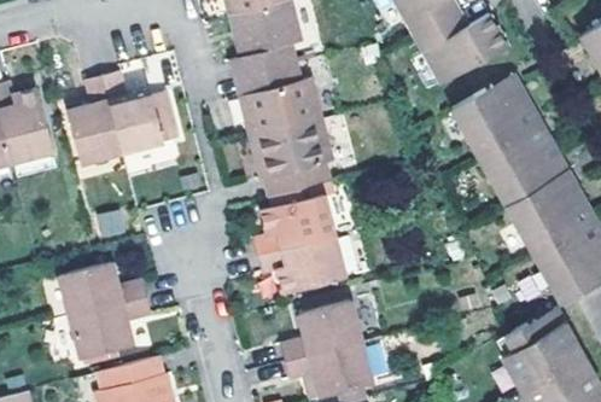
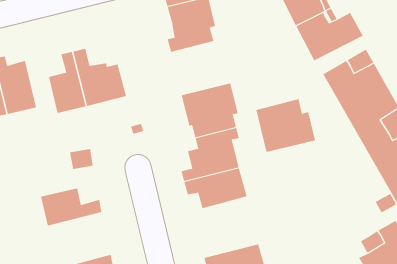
building: [239,60,322,135] -> [255,98,316,153]
building: [69,297,150,359] -> none
building: [280,301,361,360] -> none

